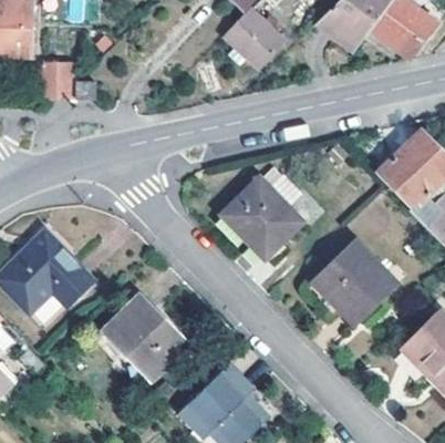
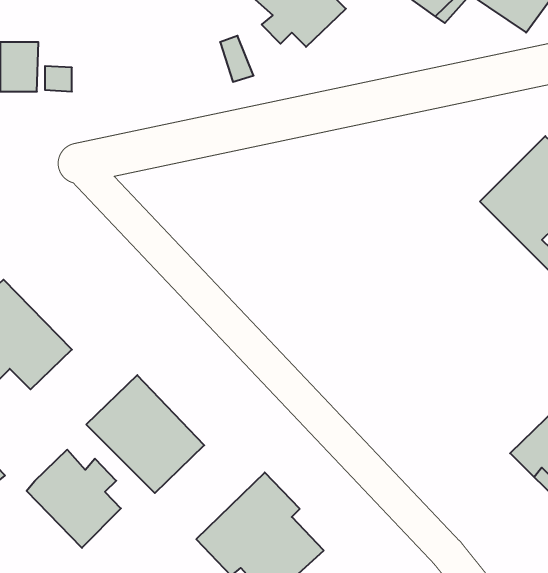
building: [221,178,301,257] -> none
building: [313,239,399,324] -> none
building: none -> [27,450,121,548]

